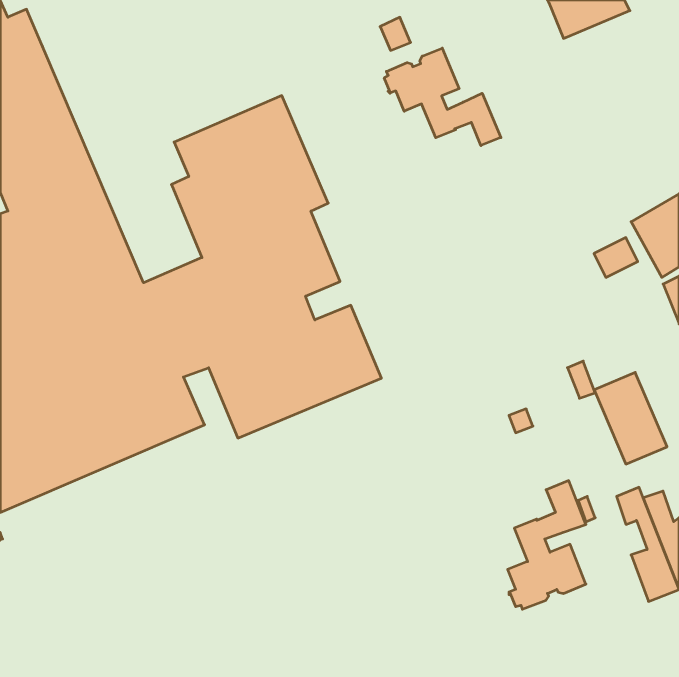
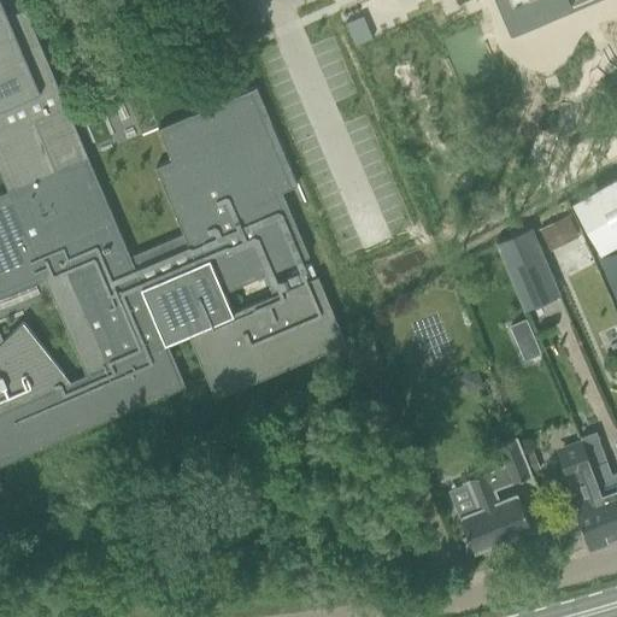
building: [384,48,501,146] -> none
building: [594,372,667,464] -> [494,229,560,312]

